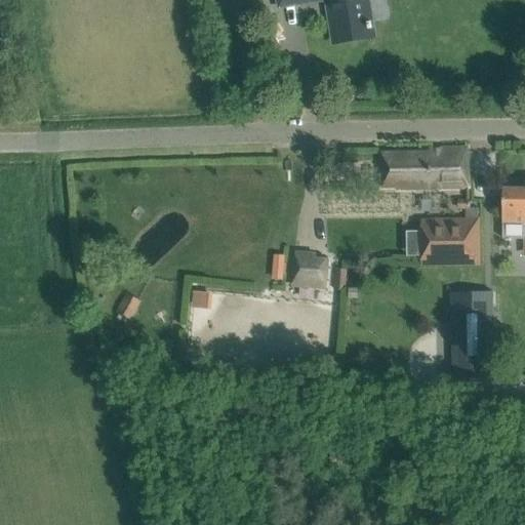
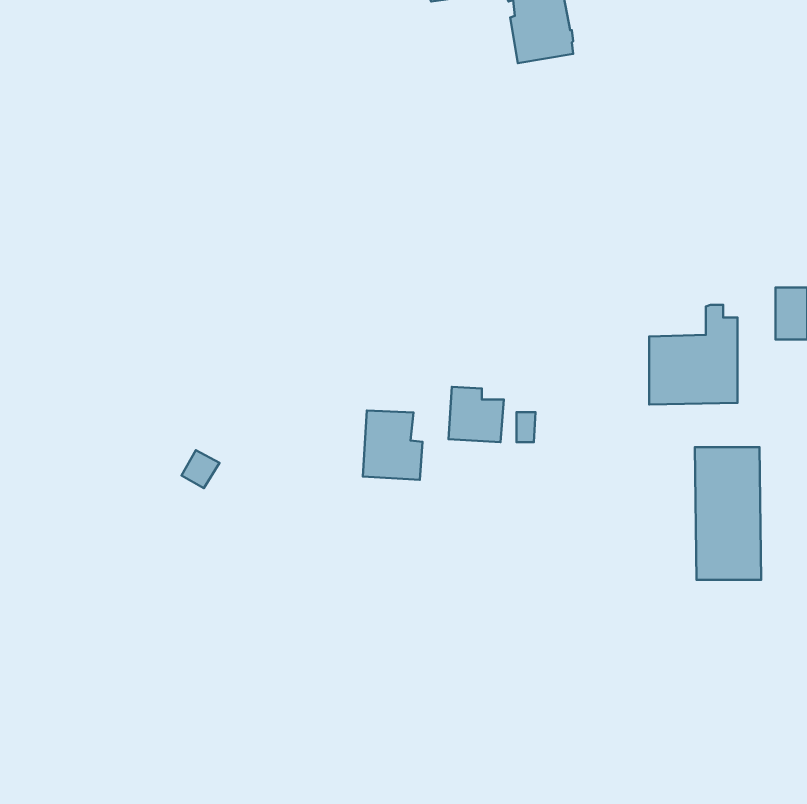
building: [381,146,470,188] -> none
building: none -> [363,410,423,480]

